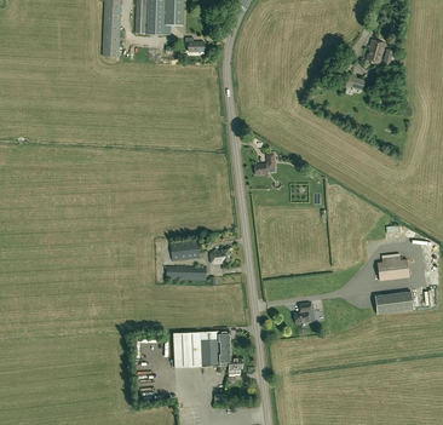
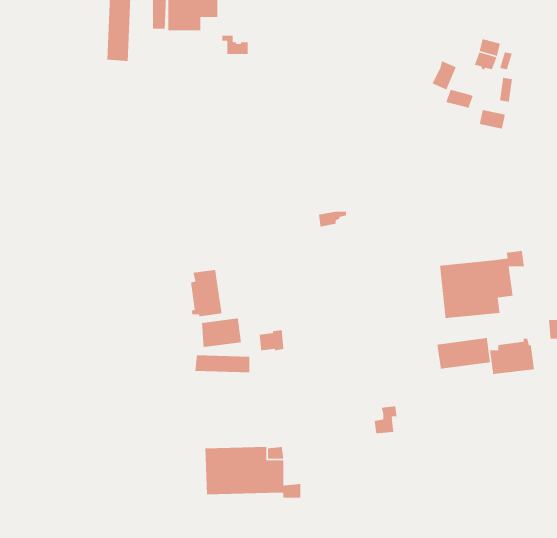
building: none -> [439,250,525,319]
building: none -> [190,269,222,317]
building: [375,292,414,315] -> [437,337,491,369]

